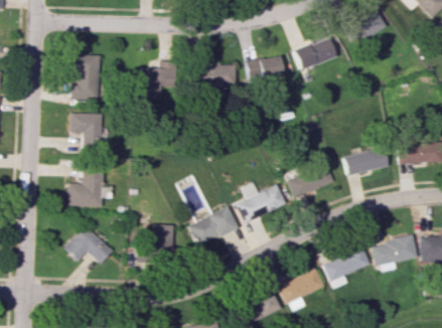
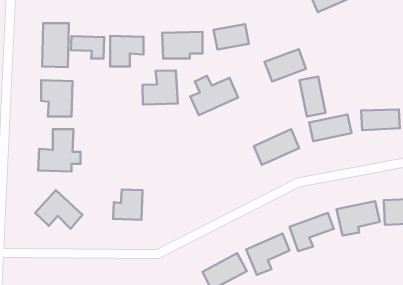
building: [293,37,335,70] -> [264,49,306,81]
building: none -> [71,36,104,59]
building: none -> [142,70,178,104]
building: none -> [299,76,326,117]
building: [237,182,286,222] -> [190,76,238,115]
building: [188,207,237,245] -> none

